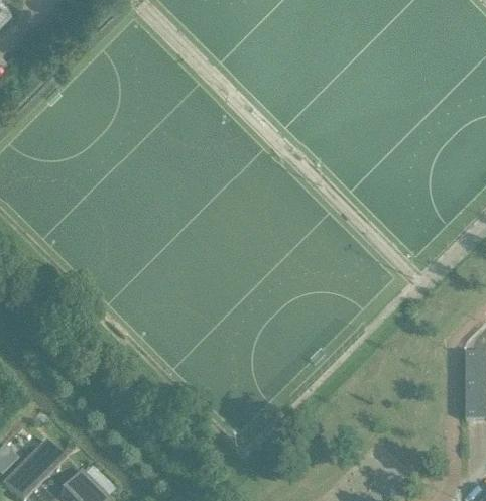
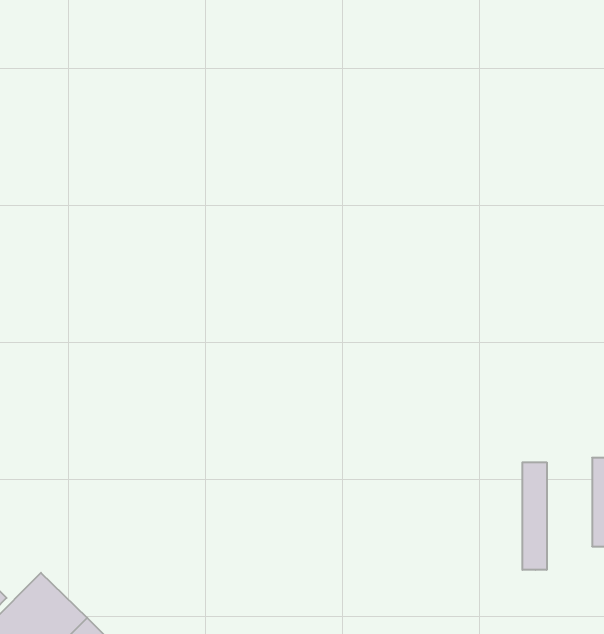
building: none -> [522,462,547,570]

